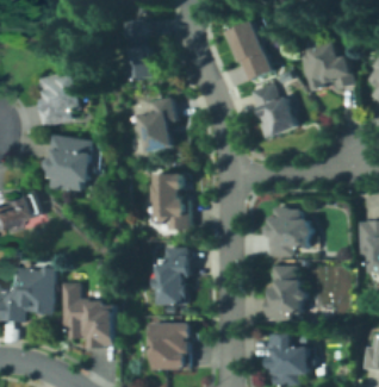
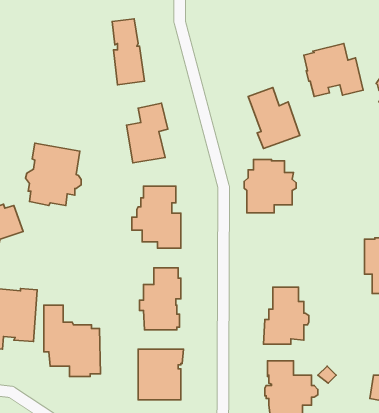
building: [228,20,275,81] -> none
building: [37,71,83,127] -> none
building: [265,207,312,256] -> [244,160,296,213]

